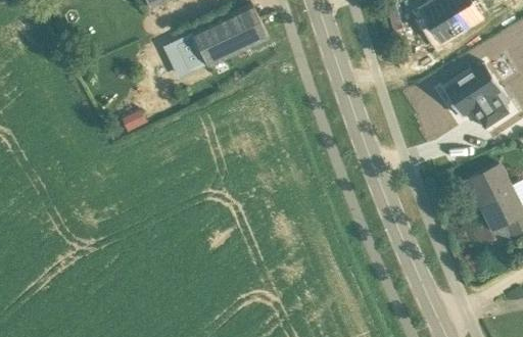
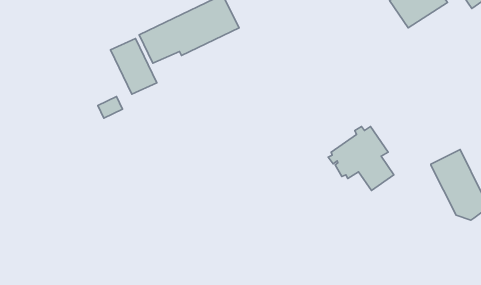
building: none -> [110,39,157,94]
building: [439,62,508,129] -> [328,127,394,190]

